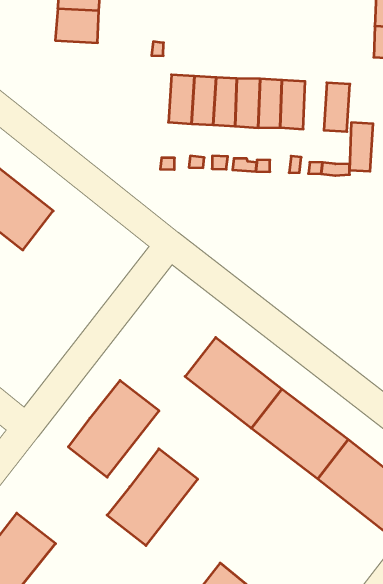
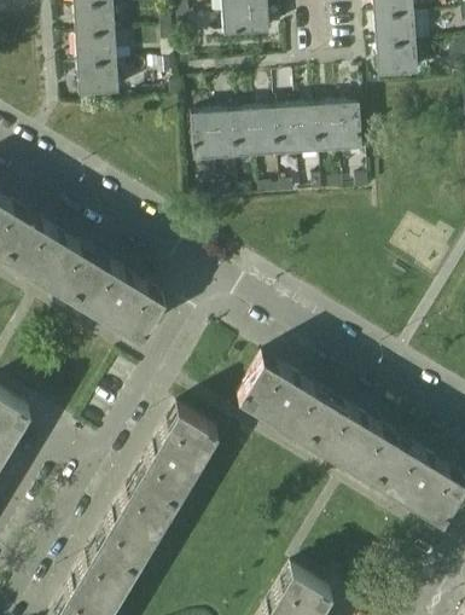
building: [350,123,373,171] -> [321,106,344,152]
building: none -> [76,256,168,337]
building: [107,449,198,546] -> [99,475,180,567]

